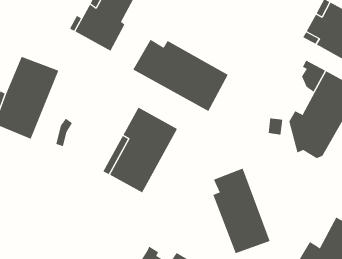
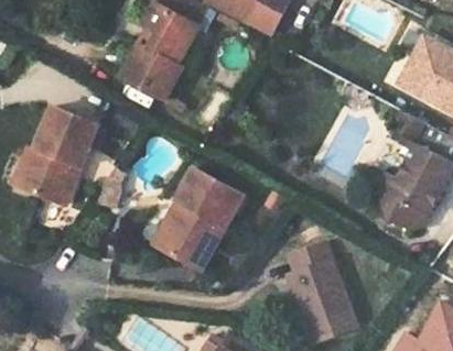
building: [132,39,228,112] -> none

